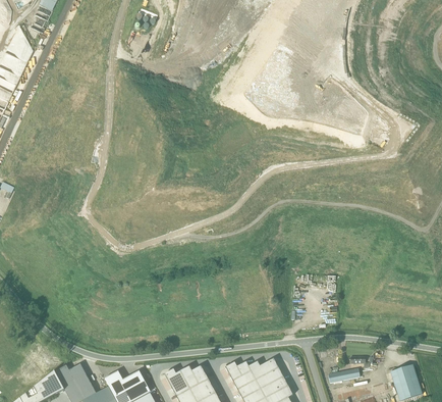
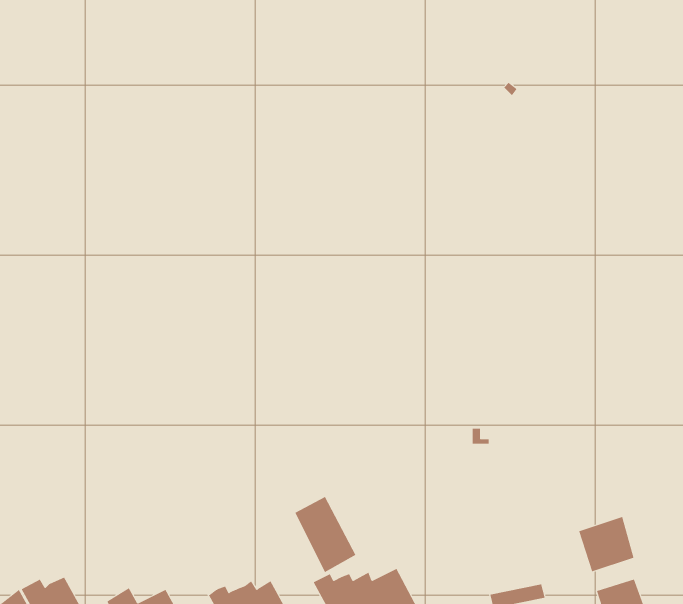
building: none -> [294,496,356,573]
building: none -> [579,516,634,572]

